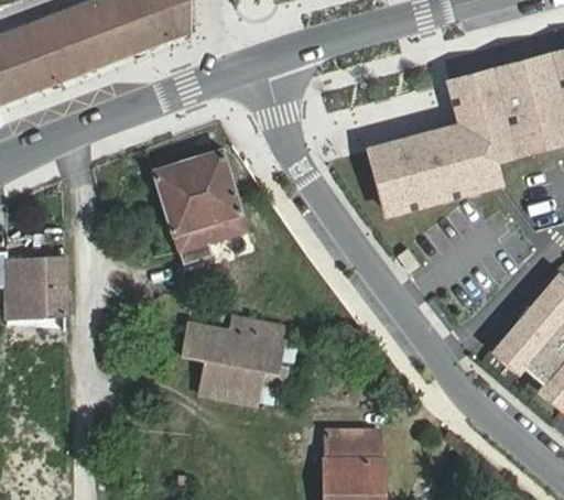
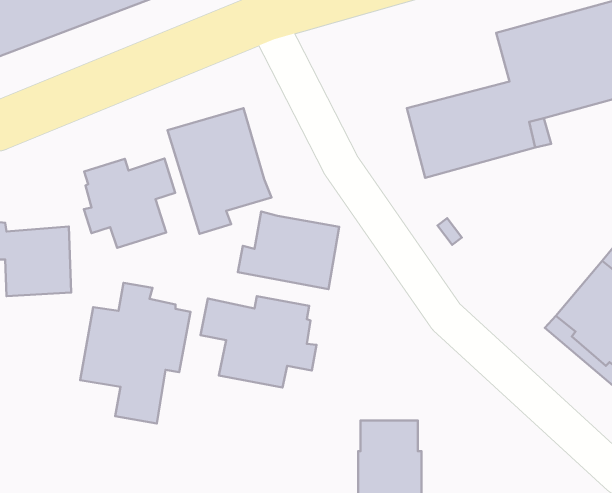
building: none -> [84,158,175,248]
building: none -> [238,212,339,289]
building: none -> [80,283,191,423]

